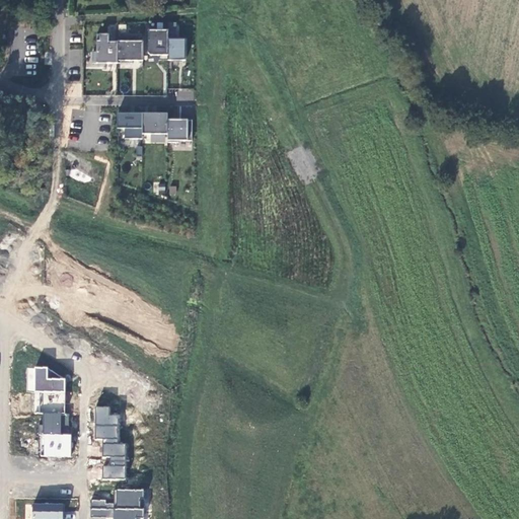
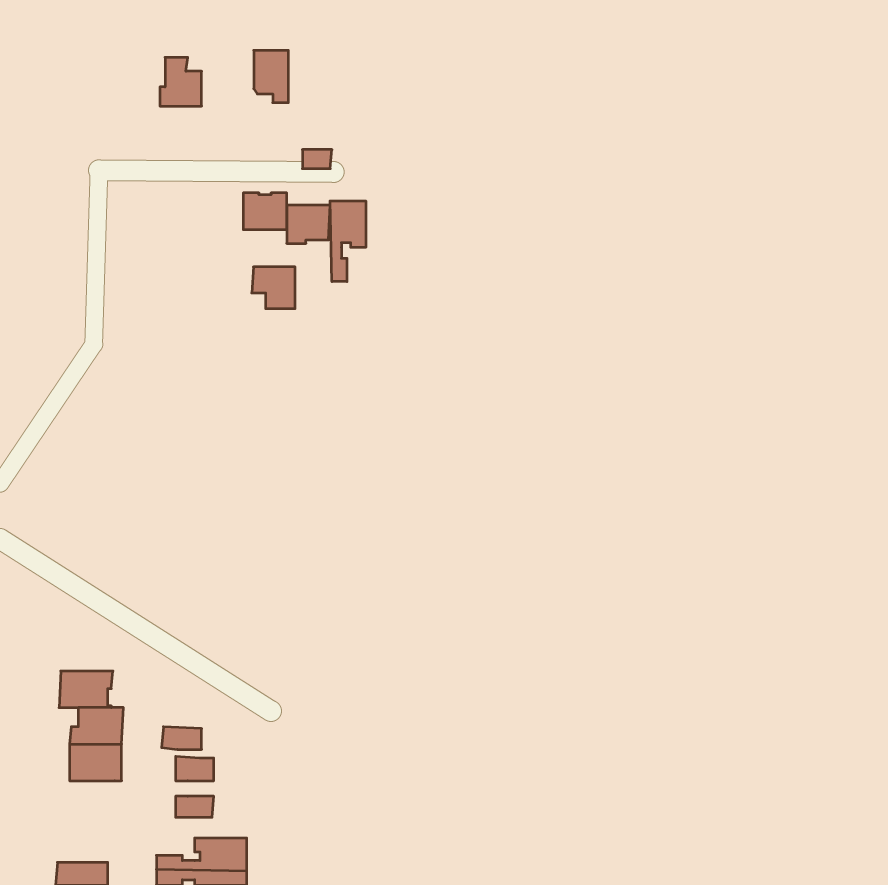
building: [118,35,143,63] -> none
building: [168,38,186,60] -> none
building: [117,113,142,137] -> [252,267,295,309]
building: none -> [330,201,366,282]
building: [35,367,66,391] -> none
building: [95,404,119,425] -> none

